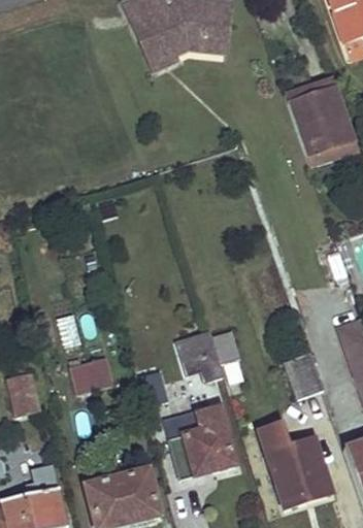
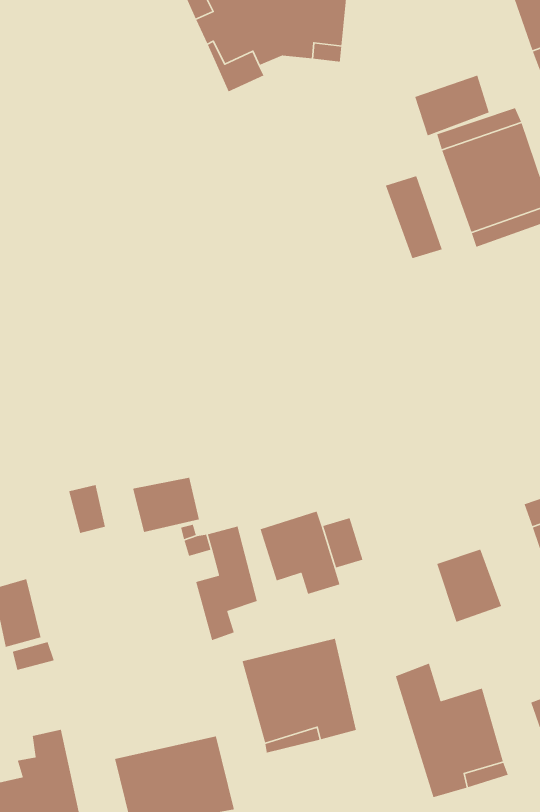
building: none -> [414,75,490,137]
building: none -> [385,175,443,259]
building: [69,357,111,392] -> [132,477,200,533]

